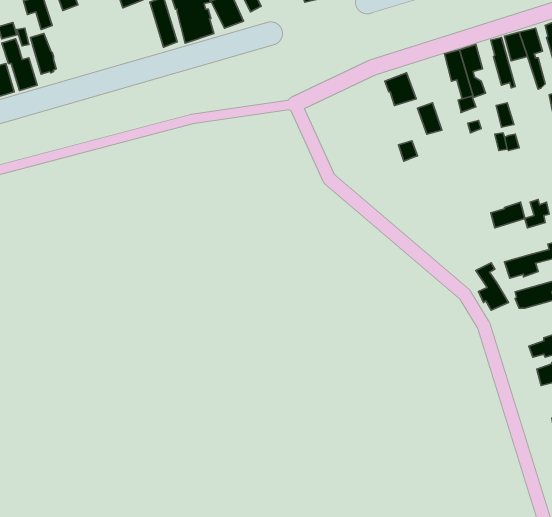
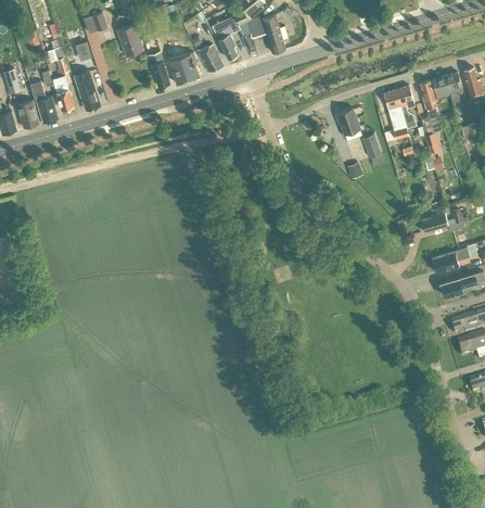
building: none -> [72,68,98,110]
building: [476,263,508,310] -> none

